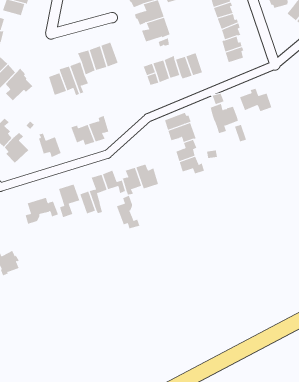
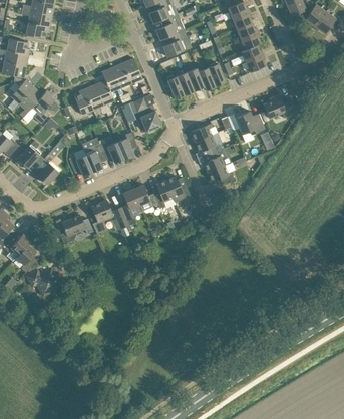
building: none -> [128,96,161,131]
building: none -> [83,143,106,171]
building: [116,195,140,229] -> none

